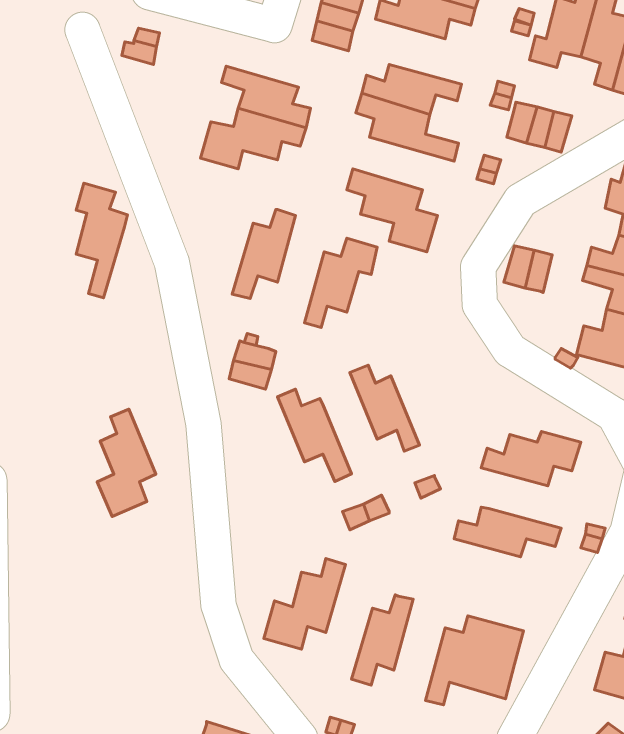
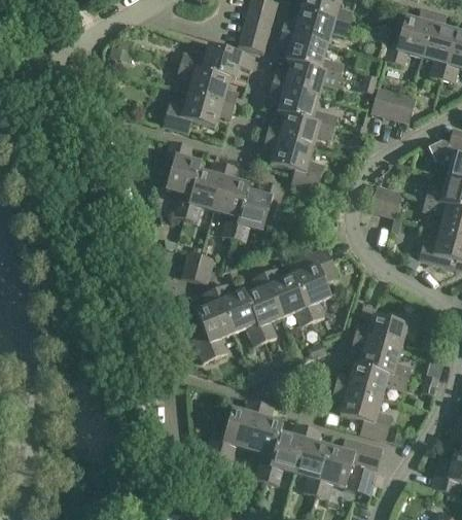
building: none -> [278,31,344,75]
building: none -> [180,43,254,78]
building: none -> [266,113,335,147]
building: [76,183,128,298] -> [166,140,201,218]
building: none -> [215,165,249,238]
building: none -> [288,246,337,321]
building: none -> [246,272,283,341]
building: [97,409,156,517] -> [193,288,234,361]
building: none -> [351,337,412,378]
building: none -> [331,385,393,440]
building: none -> [248,403,283,481]
building: none -> [294,426,329,495]

